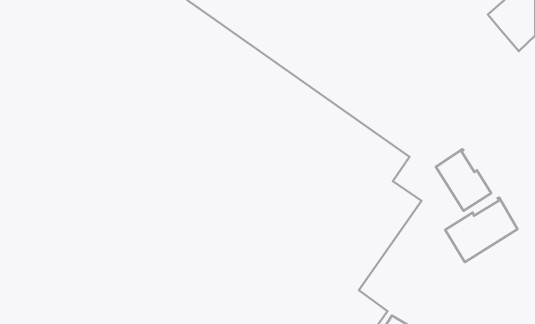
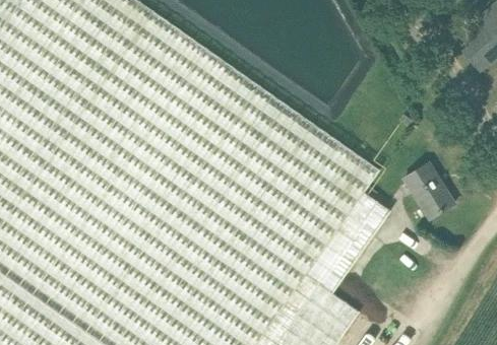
building: [445,198,518,262] -> none

